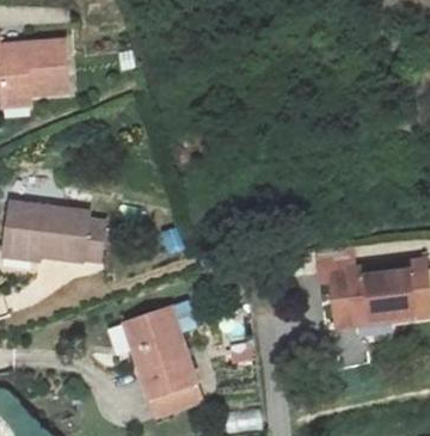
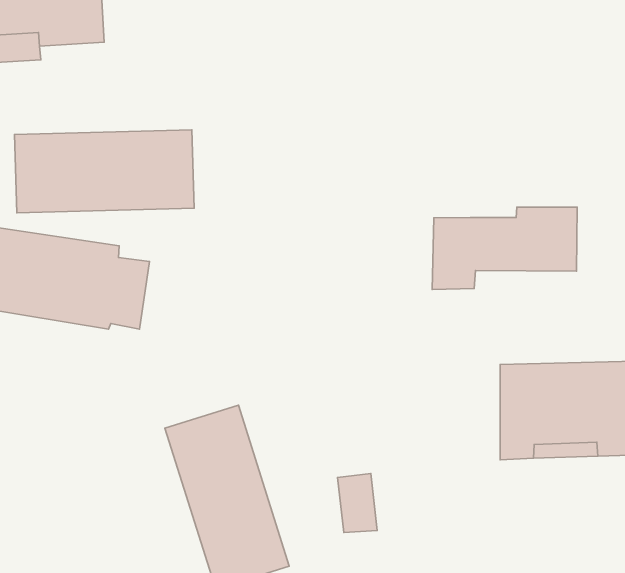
building: none -> [14,130,194,213]
building: none -> [432,207,577,289]

